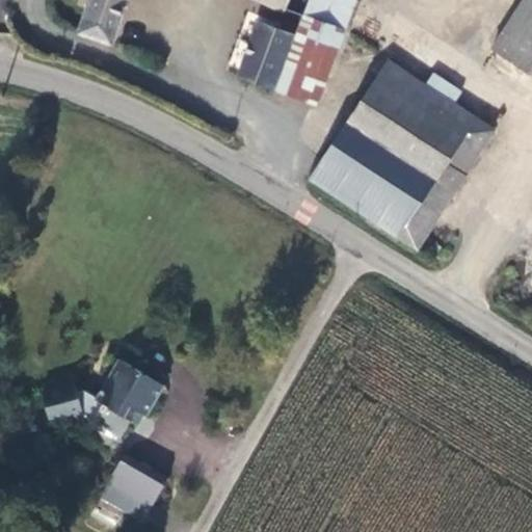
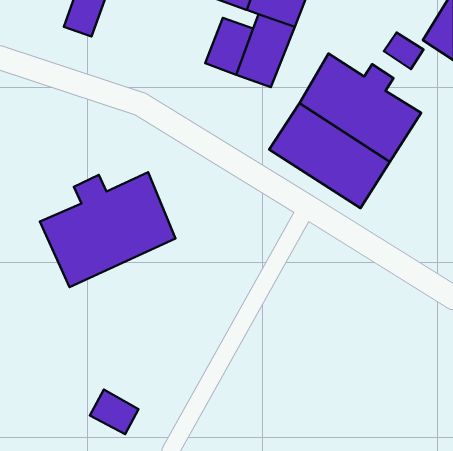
building: none -> [384,32,424,69]
building: none -> [40,172,176,287]
building: [42,360,162,437] -> none

